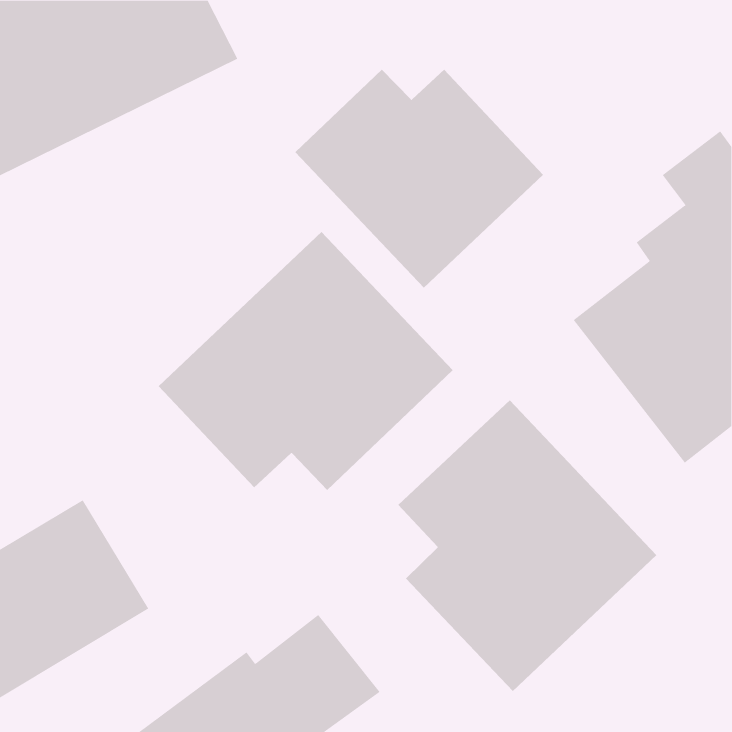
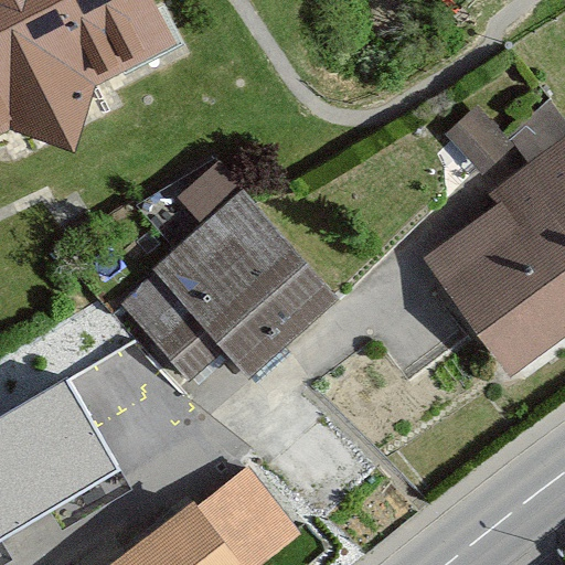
building: [295,69,544,289] -> none
building: [398,399,657,692] -> none

